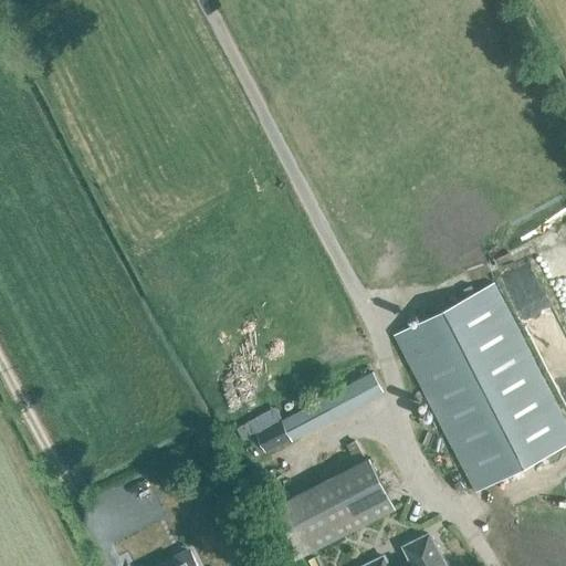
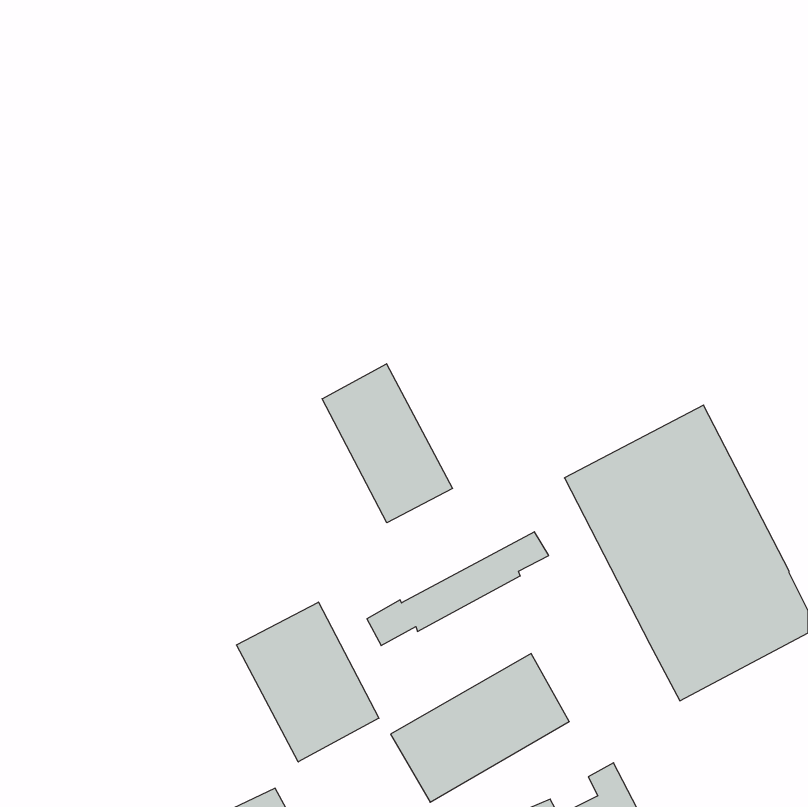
building: none -> [322,364,453,523]
building: none -> [236,602,379,762]

